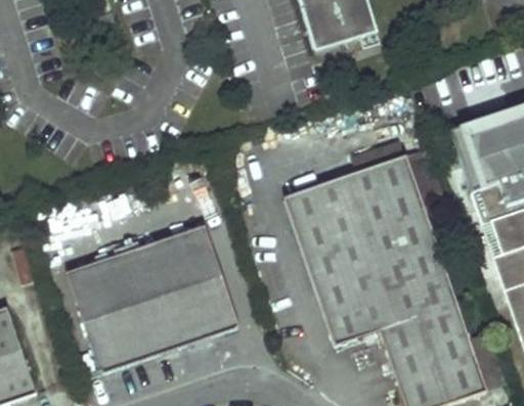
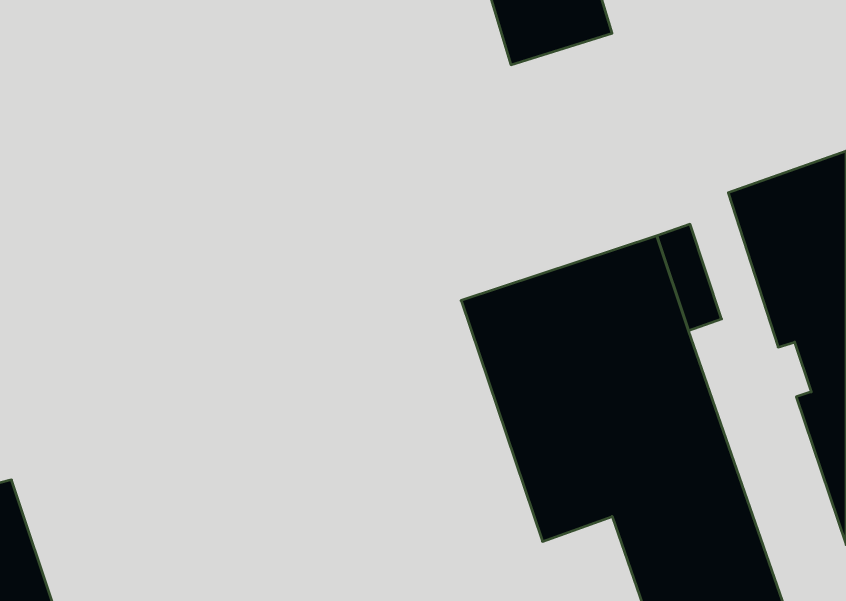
building: [68,225,237,370] -> none

